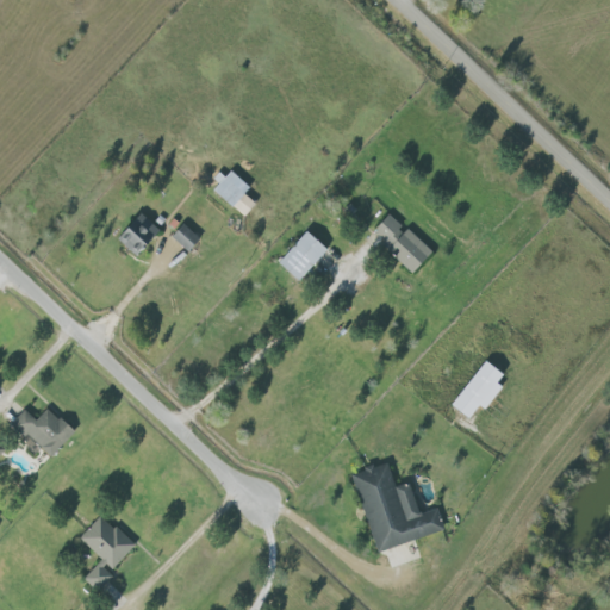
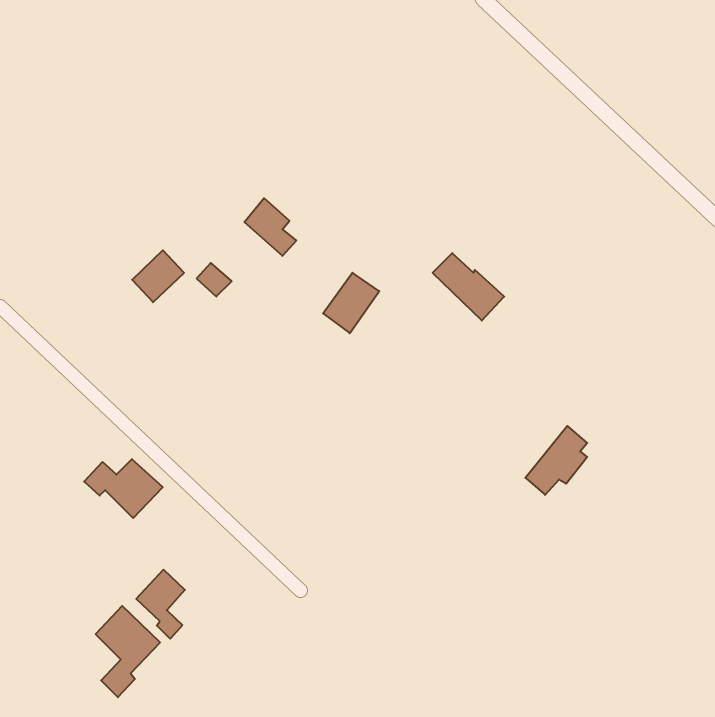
building: [13,406,80,456] -> [84,459,163,518]
building: [357,463,443,549] -> none
building: none -> [136,570,185,639]

